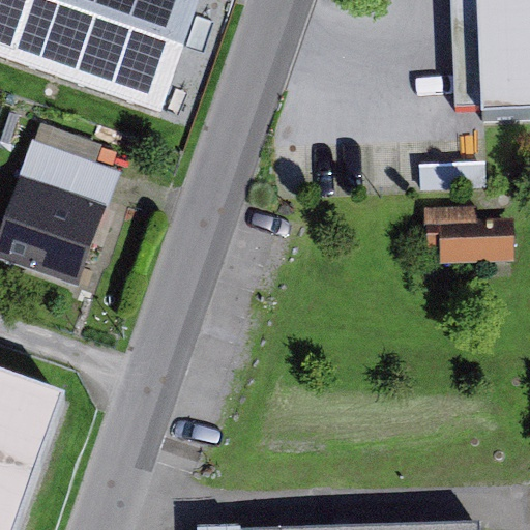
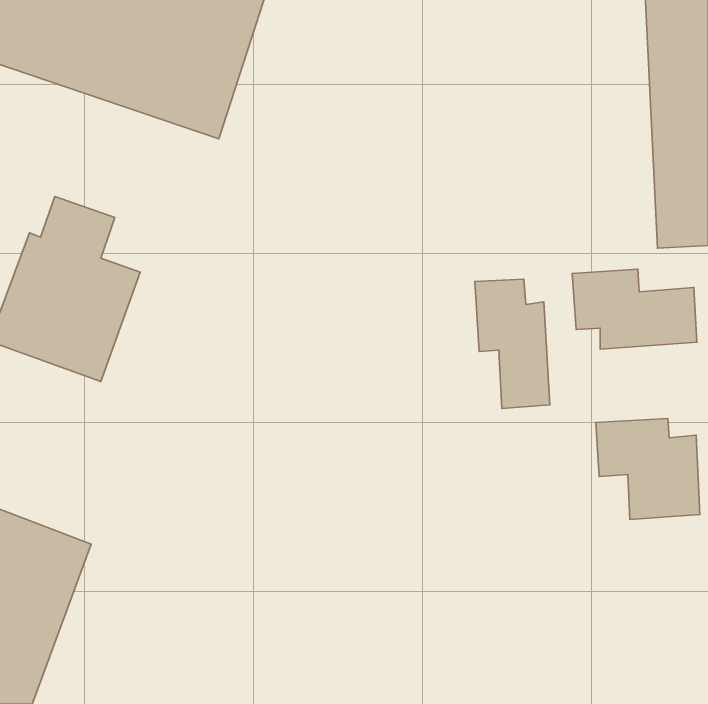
building: none -> [475,279,550,408]
building: none -> [596,418,700,519]

